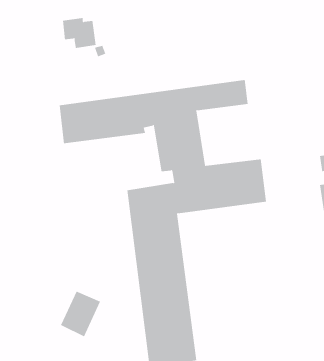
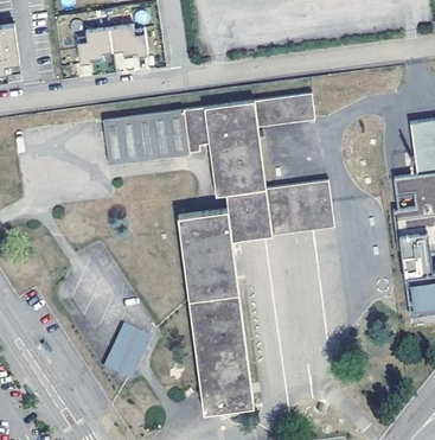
building: none -> [75,28,110,65]

